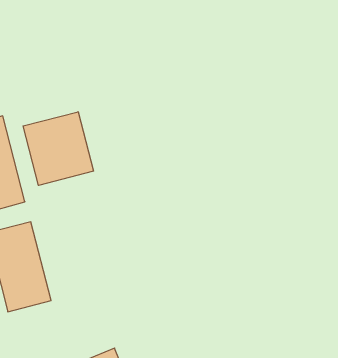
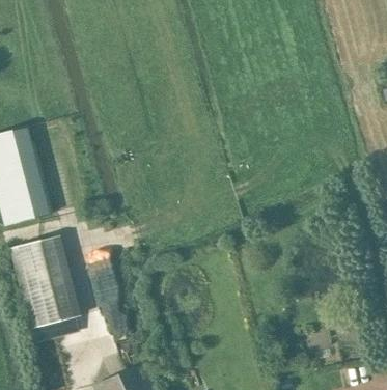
building: [23,112,93,185] -> none

